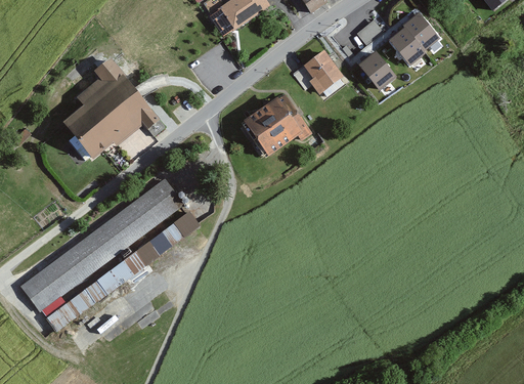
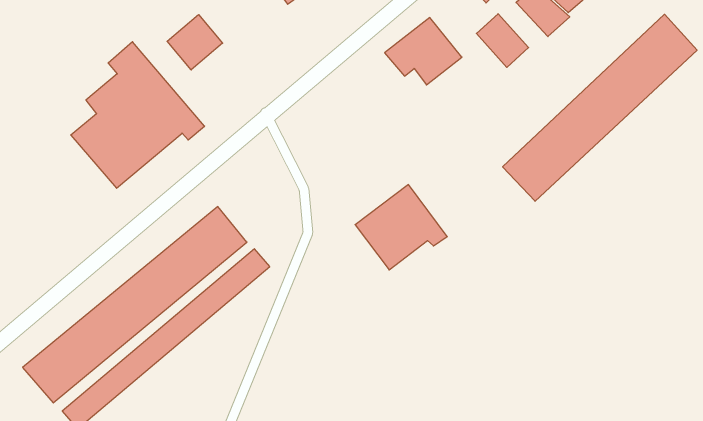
building: none -> [167,15,223,70]
building: none -> [503,14,697,201]
building: [246,93,311,154] -> [355,185,447,270]

